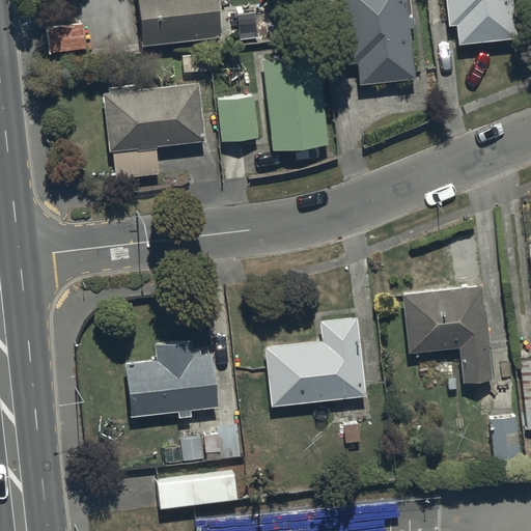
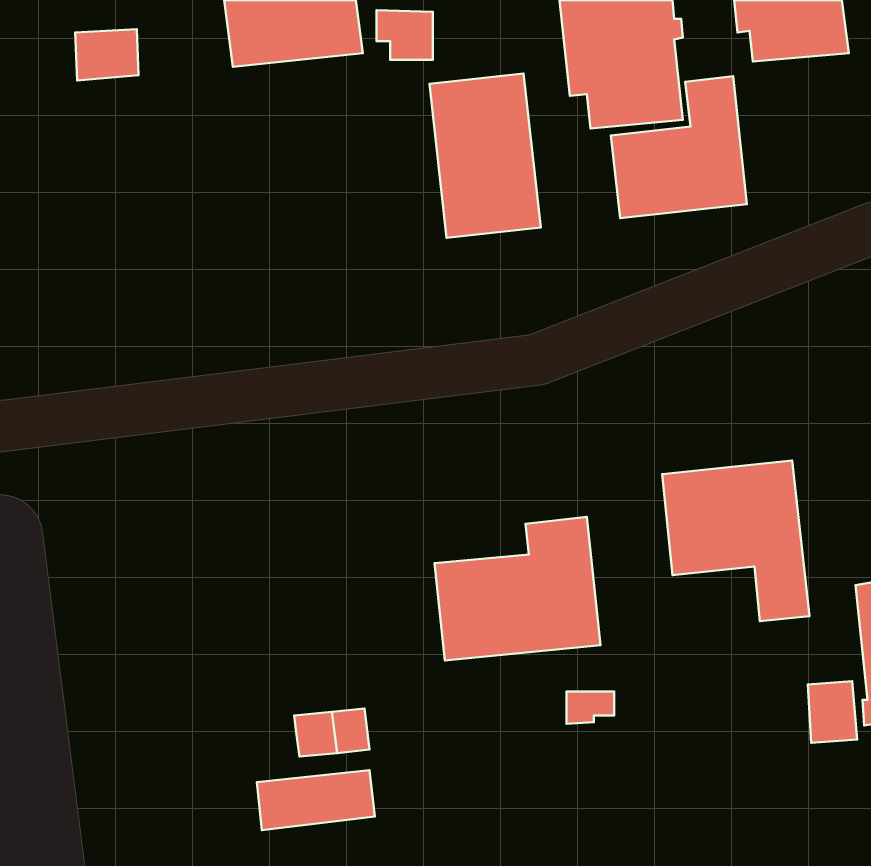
building: none -> [611,76,747,218]
building: [104,83,205,179] -> none
building: [218,95,259,142] -> none
building: [127,339,219,417] -> none

